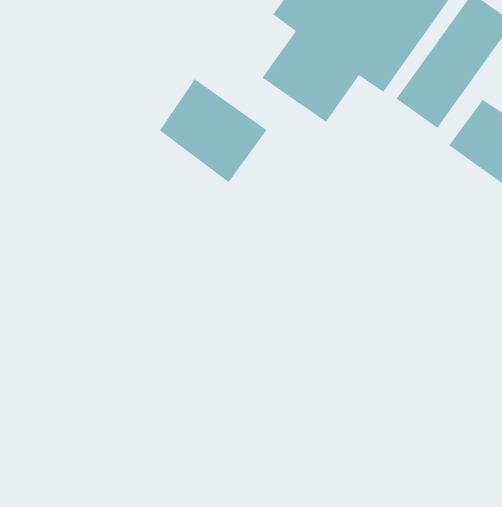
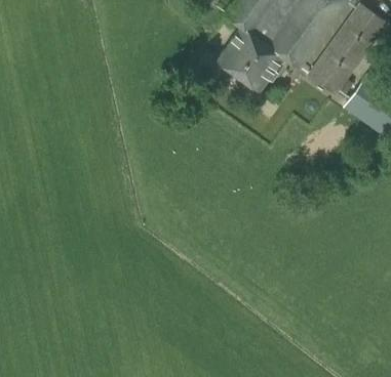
building: [159,78,268,183] -> none

